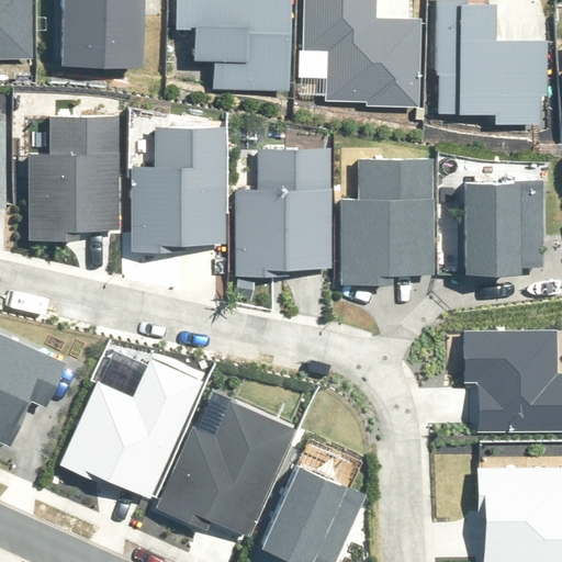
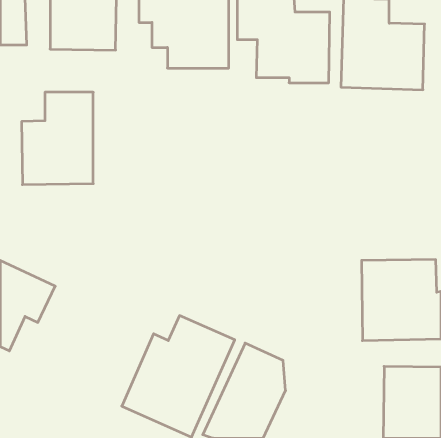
building: [128,132,226,259] -> none
building: [236,145,333,273] -> none
building: [340,161,437,286] -> none
building: [469,180,546,282] -> none
building: [59,351,206,498] -> none

